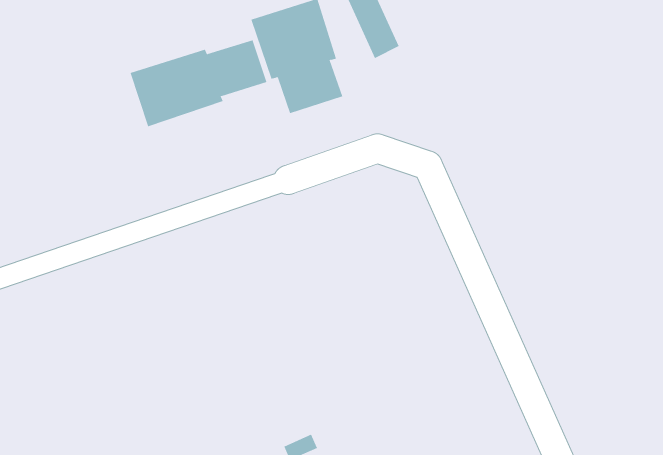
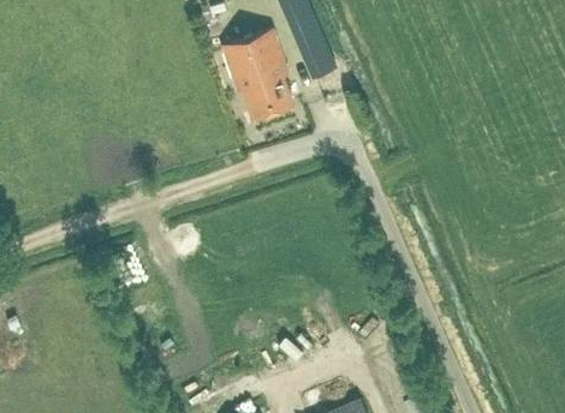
building: [130,39,267,127] -> none

